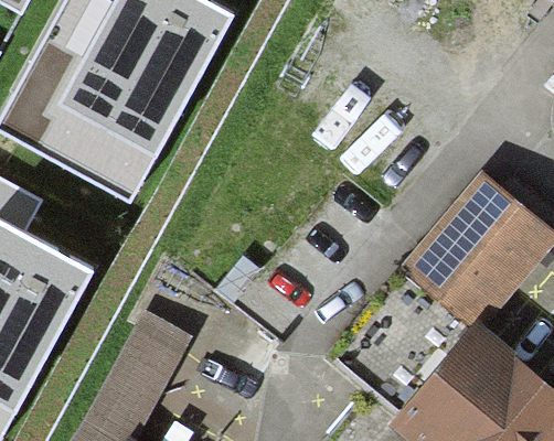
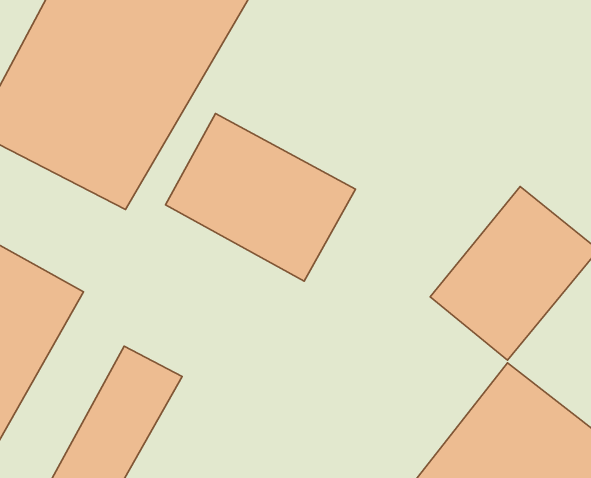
building: none -> [165,113,355,281]

